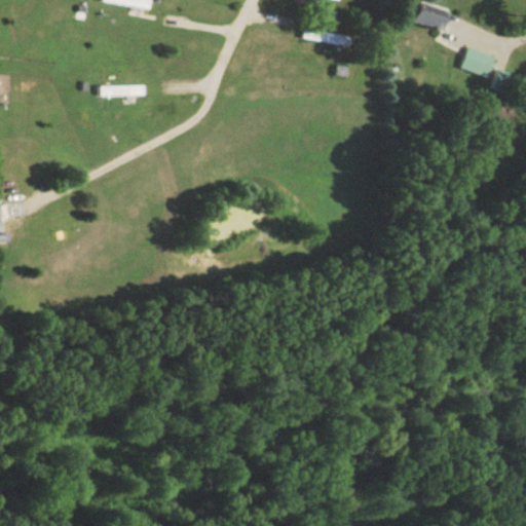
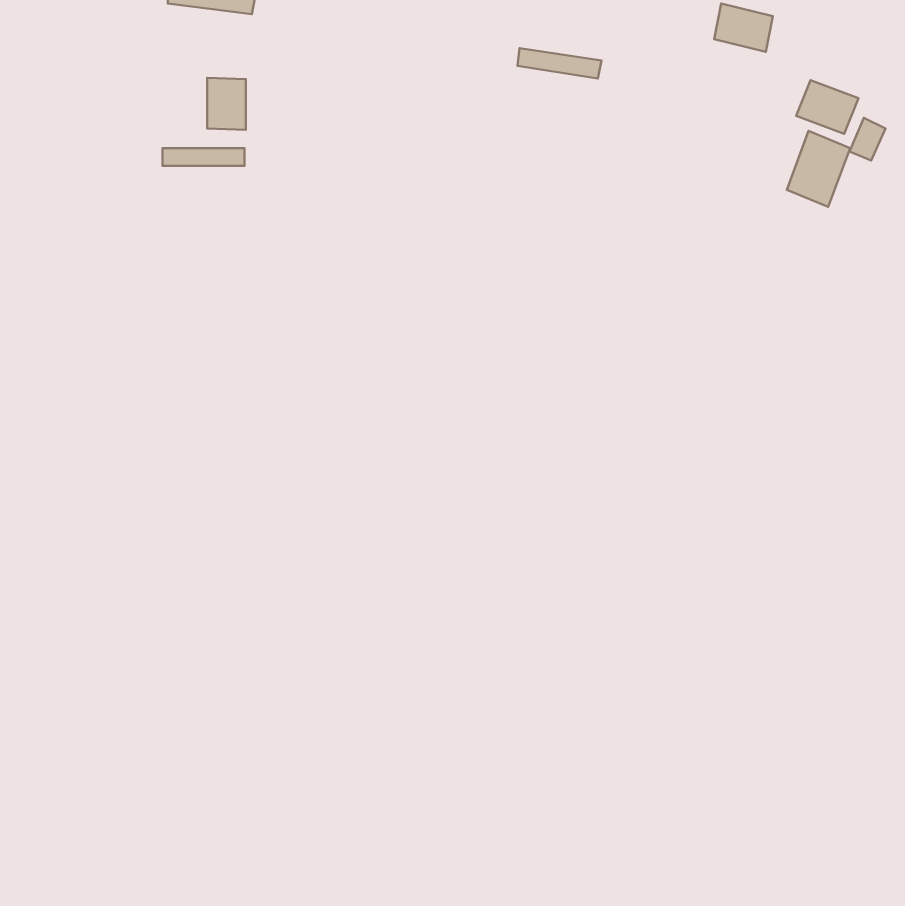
building: none -> [207,78,246,130]
building: none -> [787,131,850,207]

